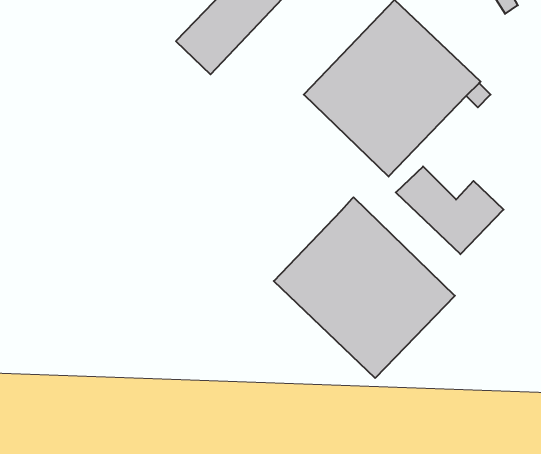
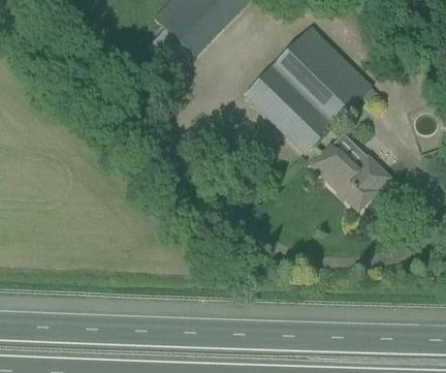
building: [274,197,455,378] -> none

